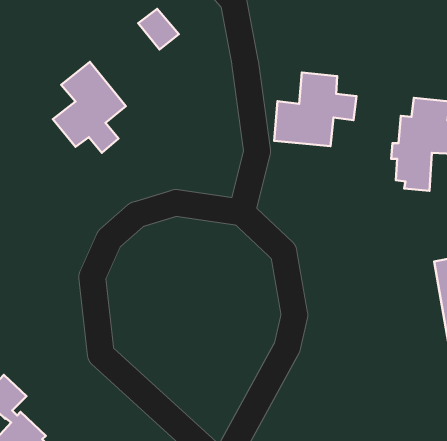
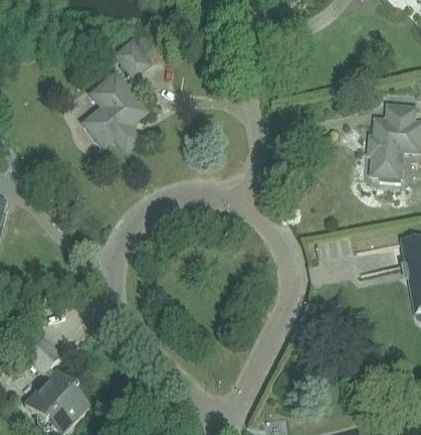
building: [138,9,179,50] -> [116,42,150,77]
building: [274,72,356,146] -> none

